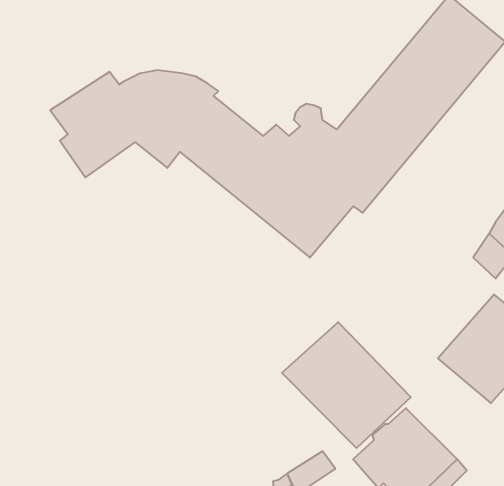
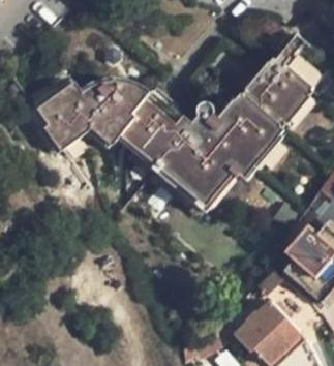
building: [282,322,411,448] -> none

